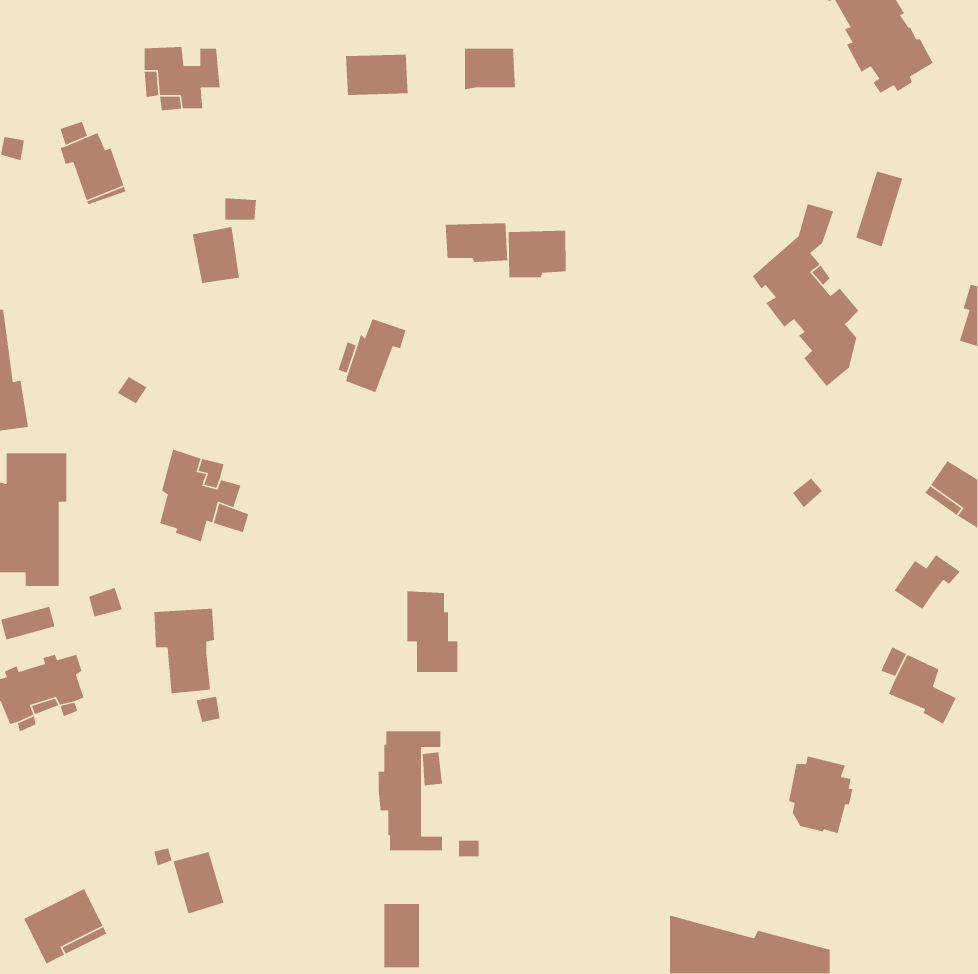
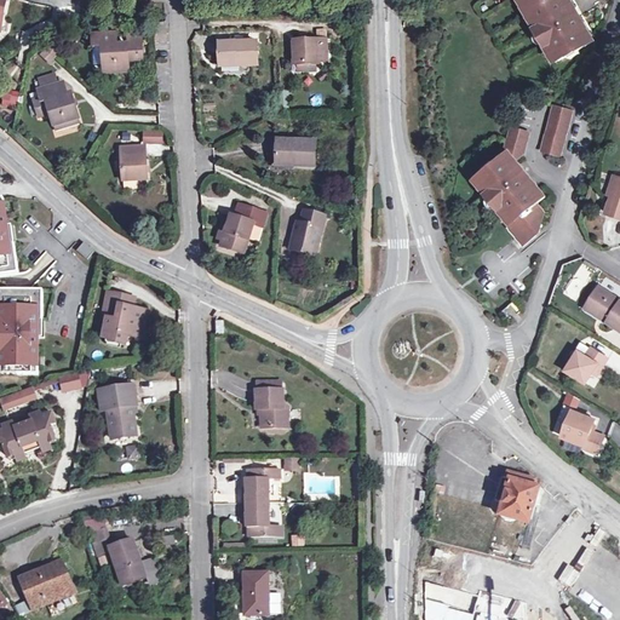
building: [508,230,567,278] -> none
building: none -> [291,212,323,256]

